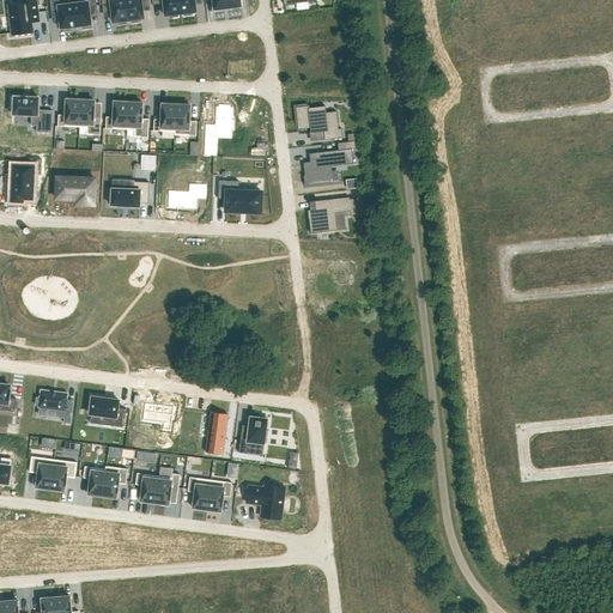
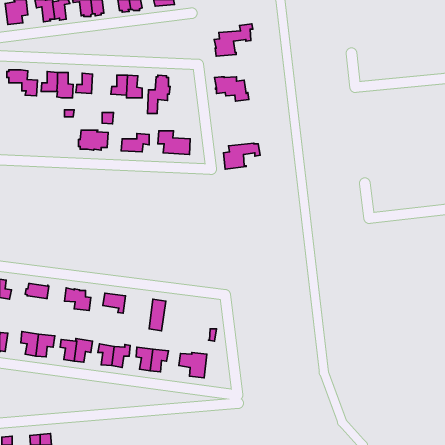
building: [126,102,147,136] -> none
building: [302,140,354,184] -> [214,24,253,56]
building: [8,157,41,200] -> none
building: [55,176,95,204] -> none
building: [237,415,267,453] -> none

